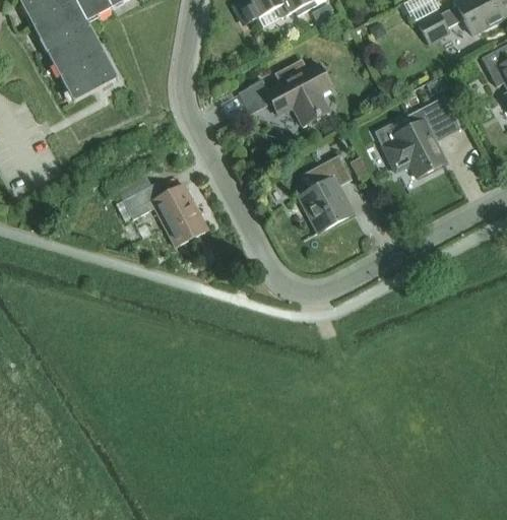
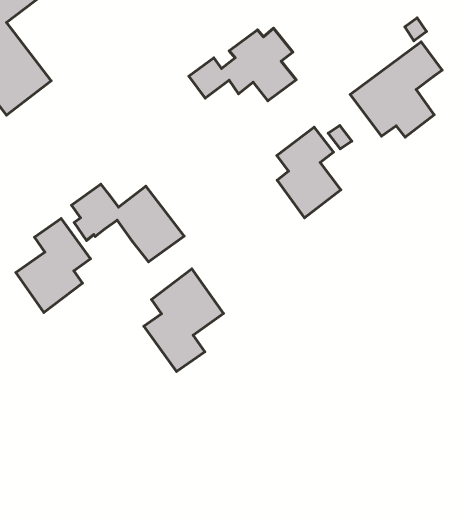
building: none -> [16,218,90,313]
building: none -> [144,269,223,371]

